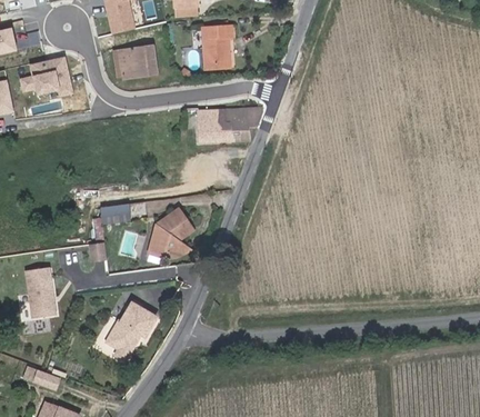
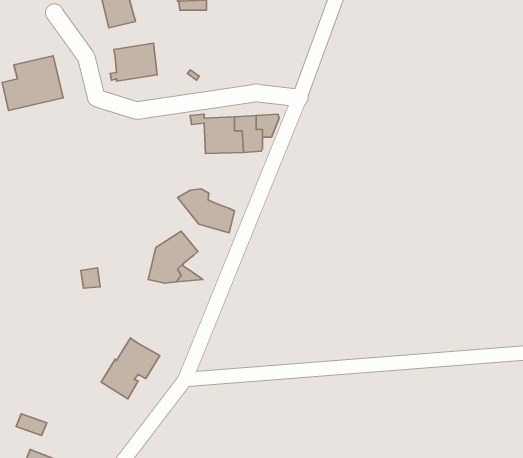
building: [201,23,234,70] -> none
building: none -> [178,189,235,233]
building: [99,203,129,224] -> none
building: [23,266,53,317] -> none

